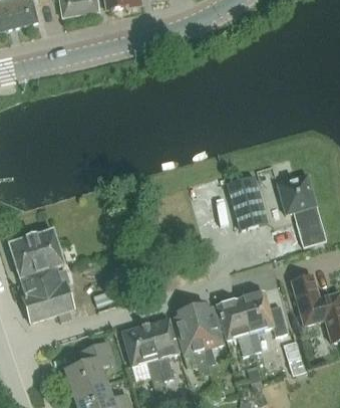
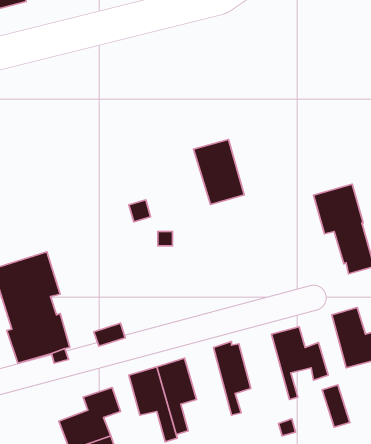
building: [226,174,268,228] -> [193,139,244,205]
building: [217,296,256,354] -> none
building: [173,308,210,374] -> none

